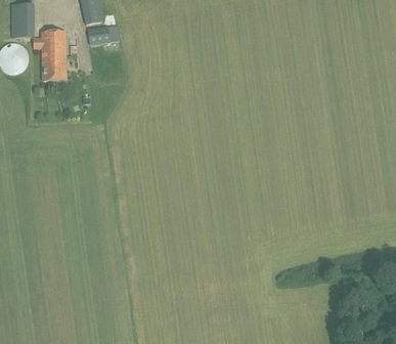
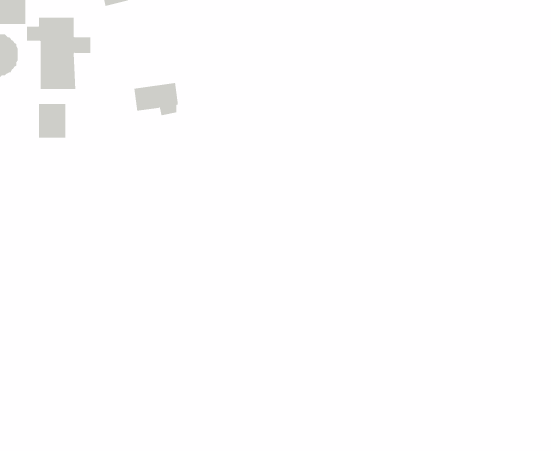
building: [88,24,119,46] -> [134,82,179,116]
building: none -> [39,103,66,139]

